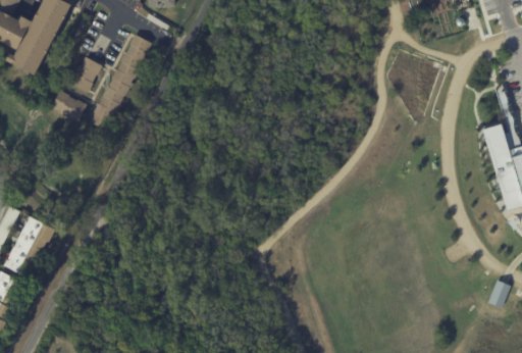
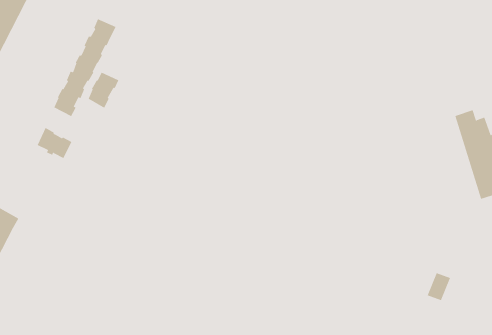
building: [73,55,104,91] -> [88,72,119,108]
building: [52,89,87,119] -> [37,127,72,159]
building: [484,280,508,307] -> [427,272,451,301]

